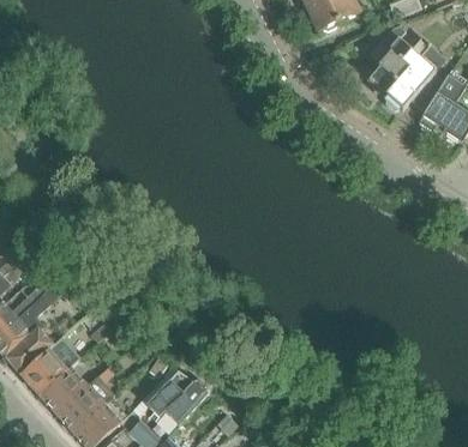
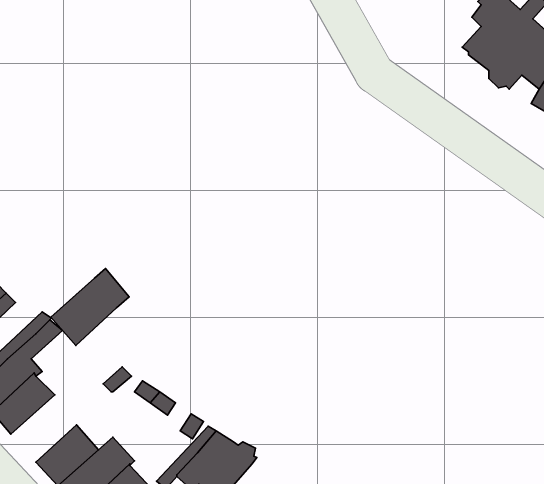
building: [20,337,80,395] -> [51,269,129,345]

